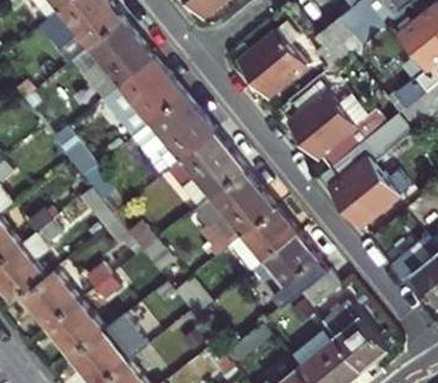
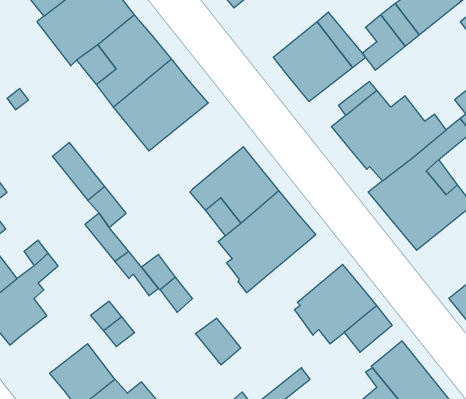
building: [131,95,212,169] -> none
building: [227,207,296,273] -> none
building: [21,269,79,326] -> none

